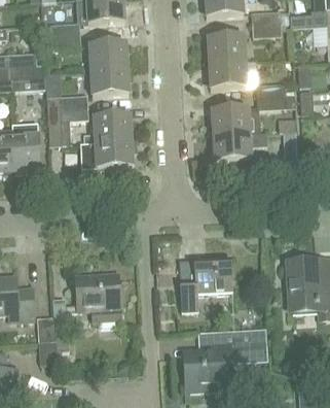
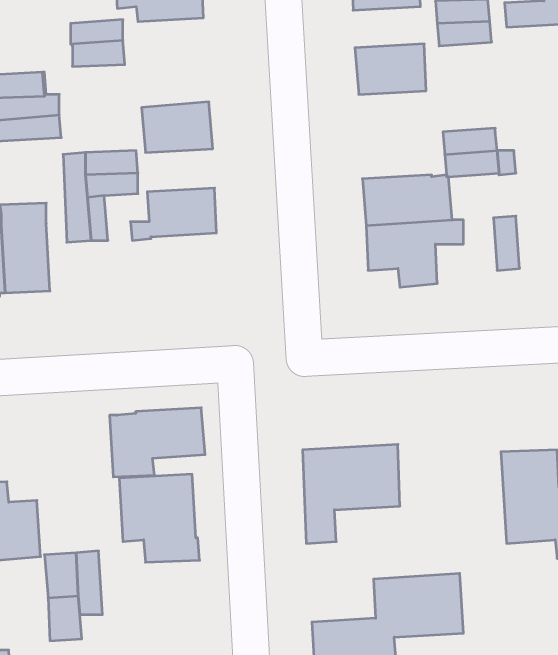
building: [88,40,126,69] -> none
building: [209,59,256,87] -> none
building: [80,138,133,176] -> [110,408,205,477]

